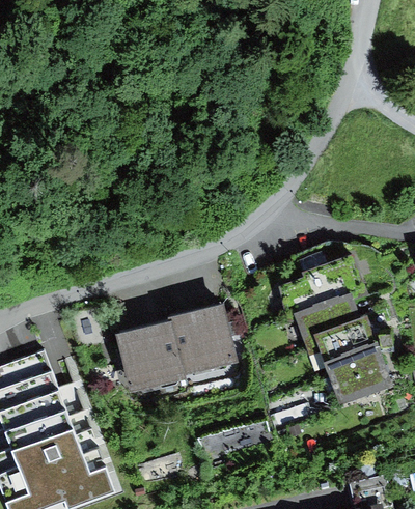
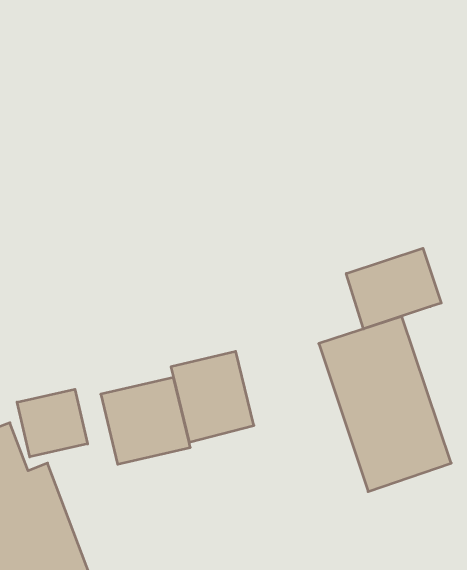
building: none -> [346,248,441,329]
building: none -> [17,389,88,457]

